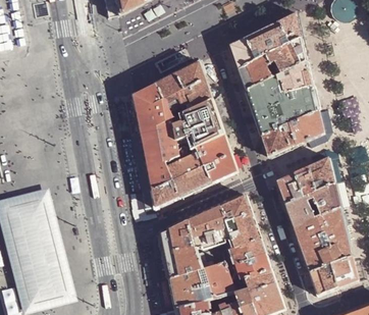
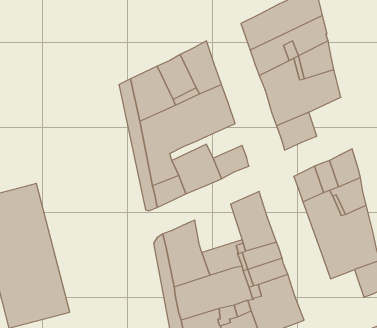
building: [289,110,323,145] -> none
building: [197,134,230,164] -> none
building: [189,205,230,248] -> none
building: [309,265,338,296] -> none

